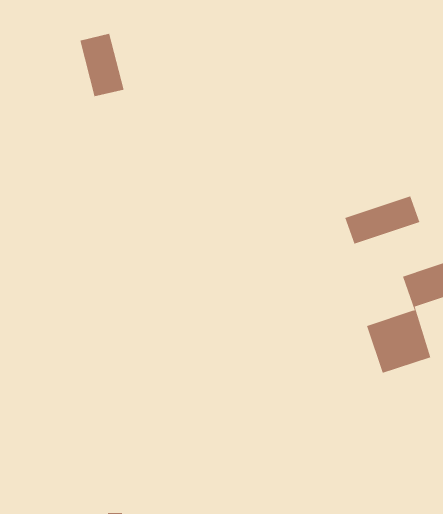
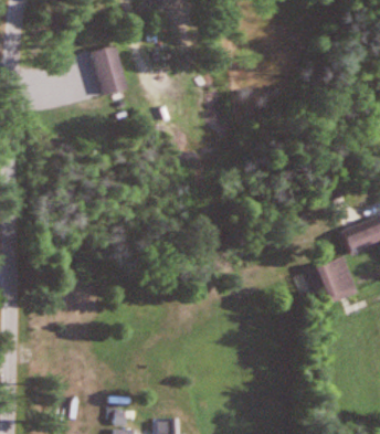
building: [344,196,420,245] -> none

